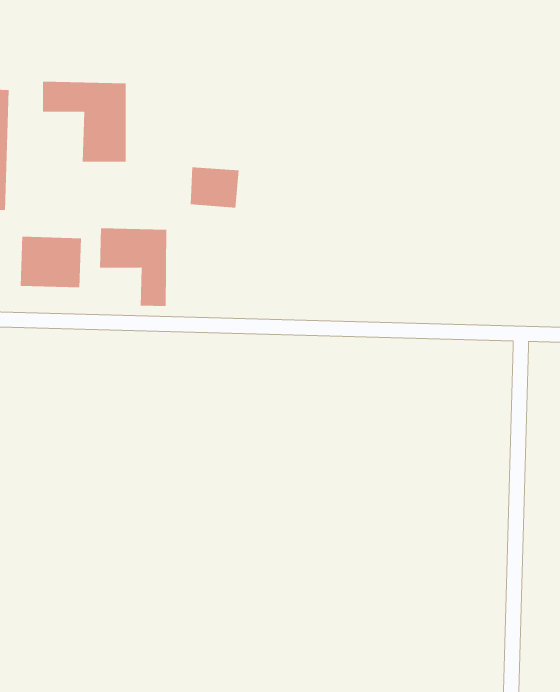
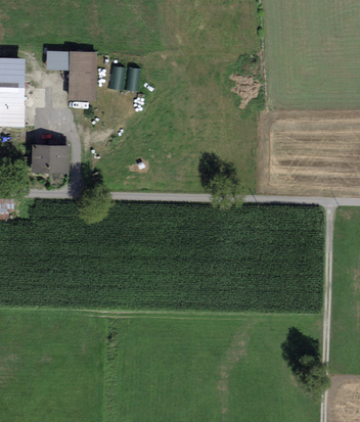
building: [190,167,240,208] -> [112,64,142,89]
building: [99,227,167,307] -> none

